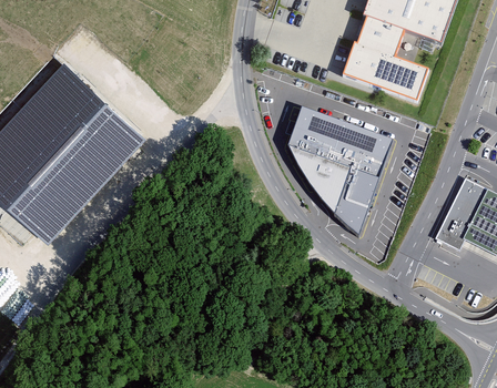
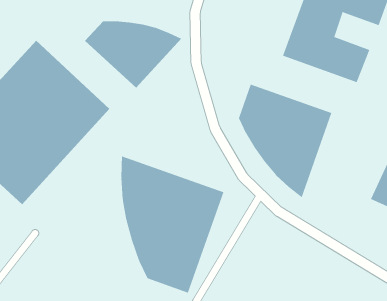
building: none -> [84,21,182,89]
building: none -> [121,155,224,294]

